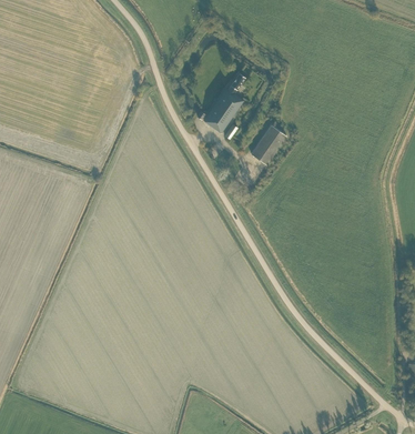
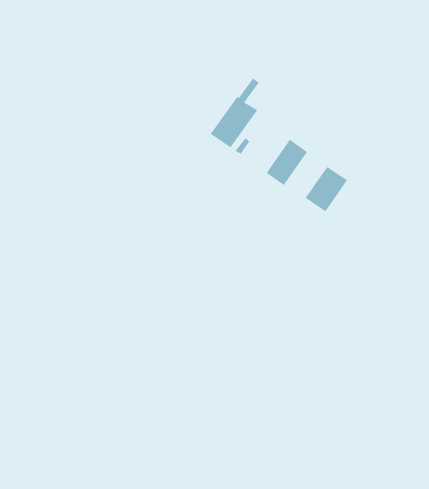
building: none -> [305,166,348,212]

